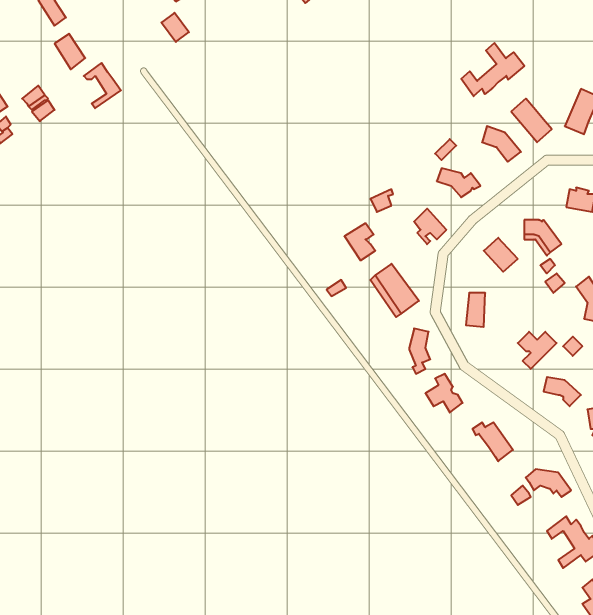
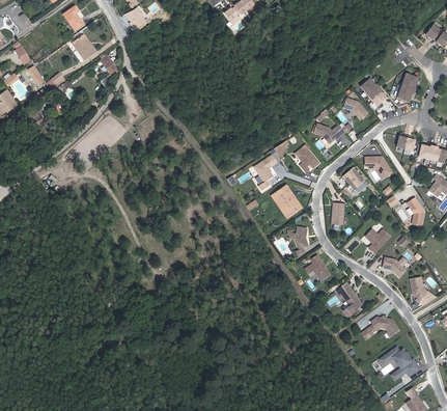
building: [461,43,524,96] -> none

